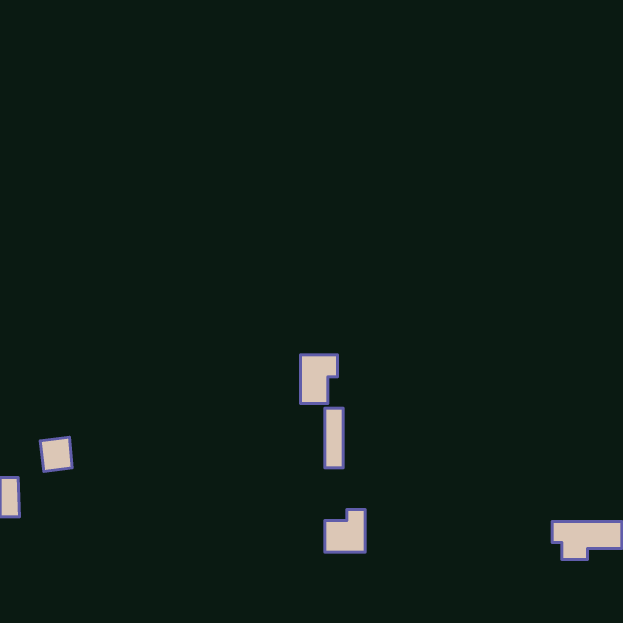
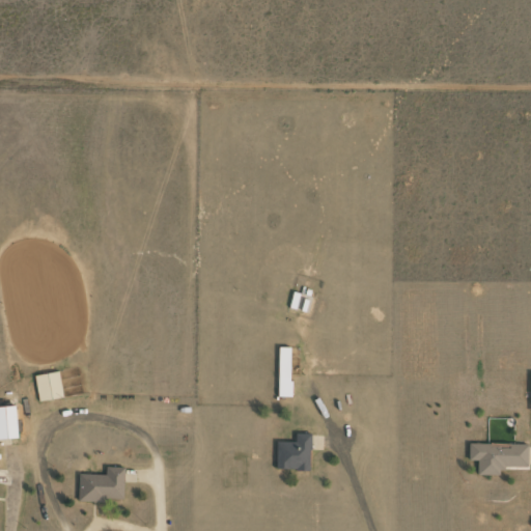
building: [300,355,337,403] -> none
building: none -> [79,467,125,502]

